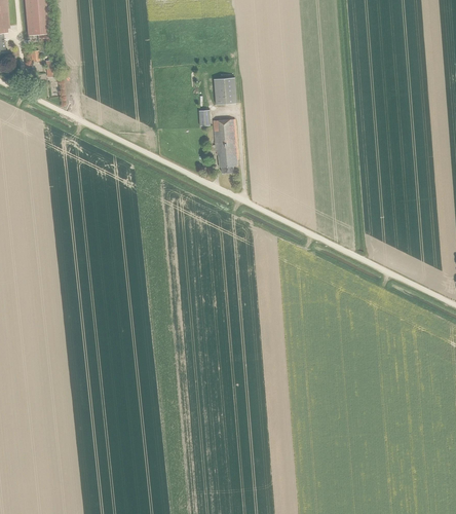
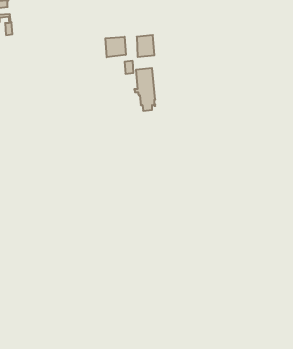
building: none -> [105,37,126,57]

